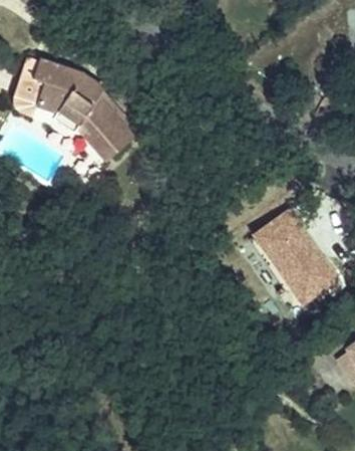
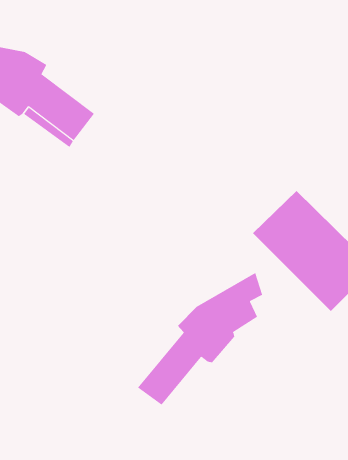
building: none -> [137,272,263,406]

